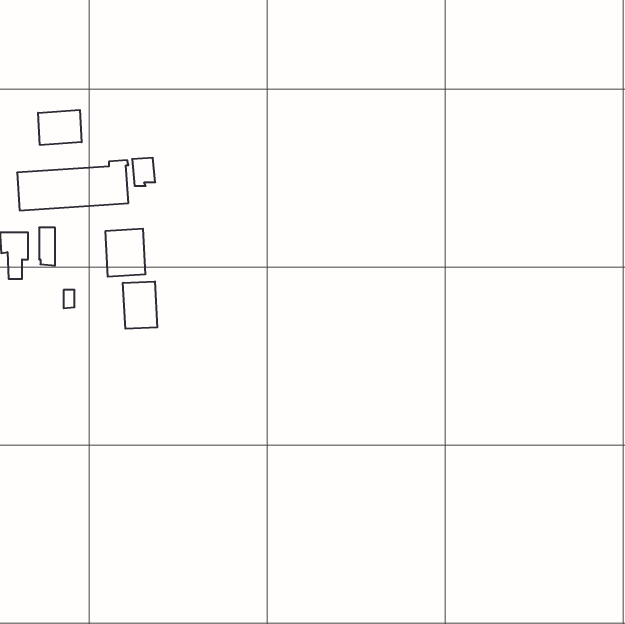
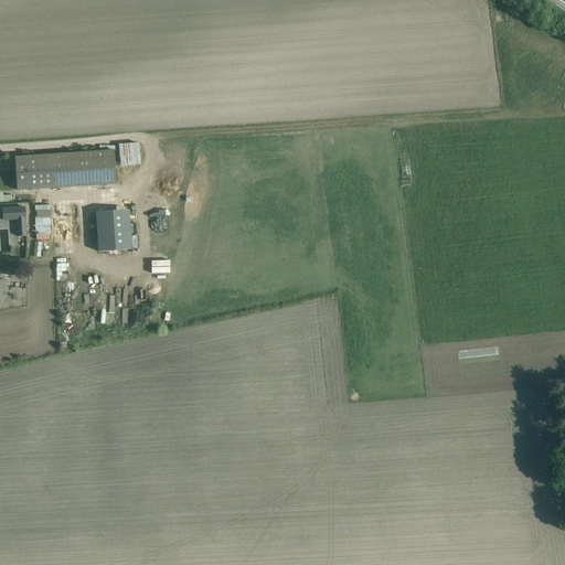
building: [38,110,82,145] -> none
building: [123,281,157,329] -> none

